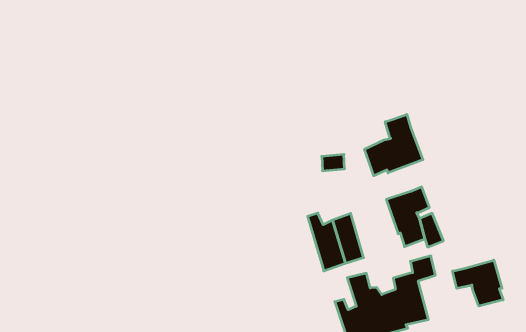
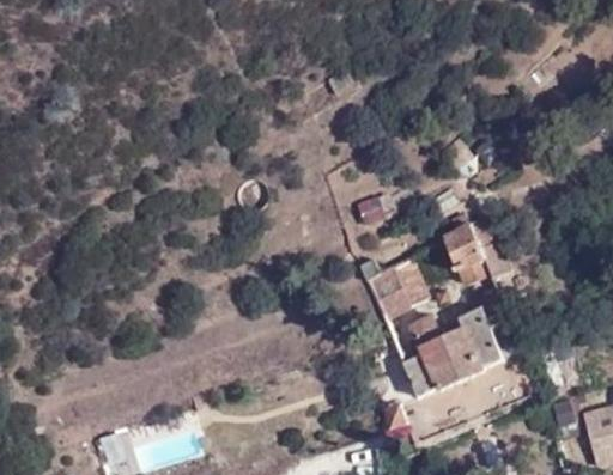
building: [365,114,423,176] -> none
building: [453,260,503,306] -> none

